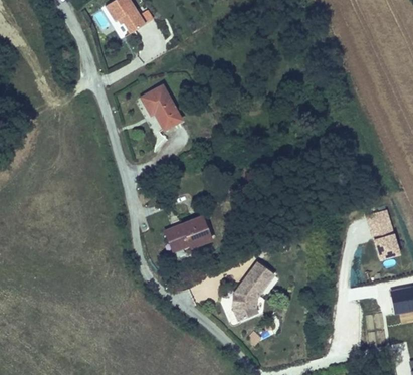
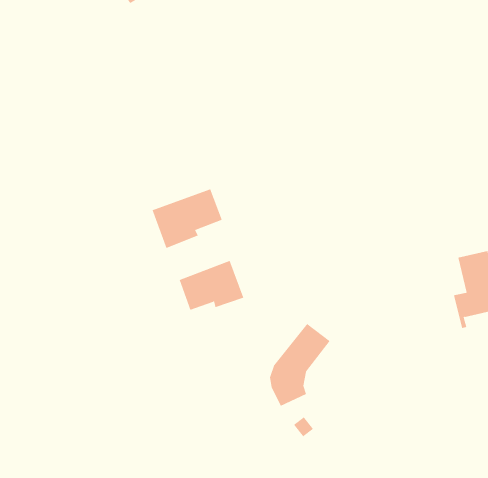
building: [140,84,180,128] -> none
building: none -> [152,189,222,249]

